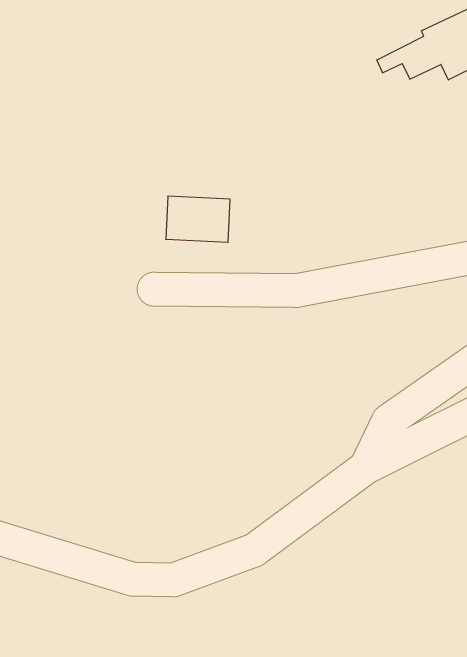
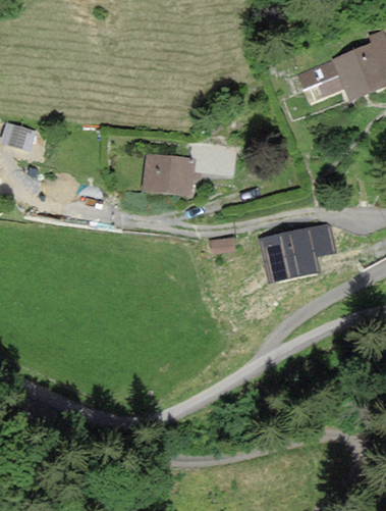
building: none -> [273,234,327,276]

